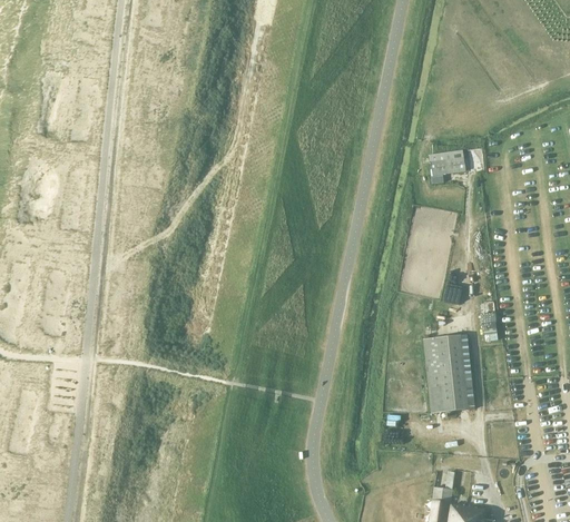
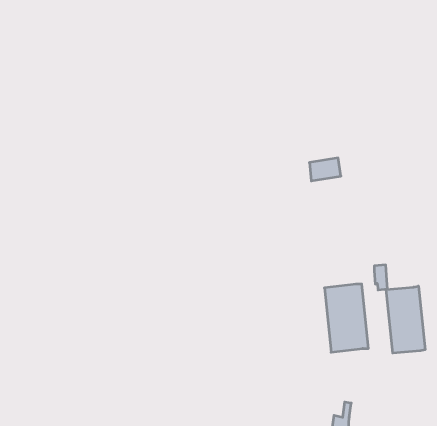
building: [430,149,466,176] -> [309,158,341,181]
building: none -> [386,286,425,353]

